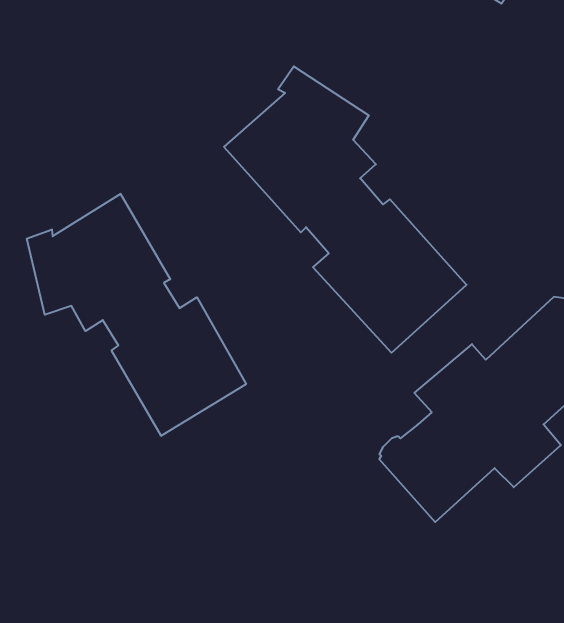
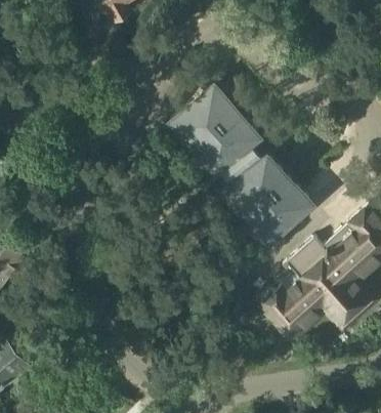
building: [27,194,246,436] -> none

